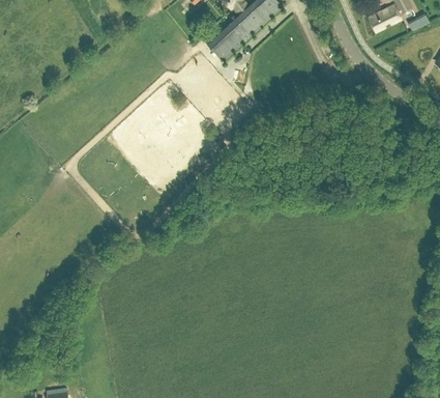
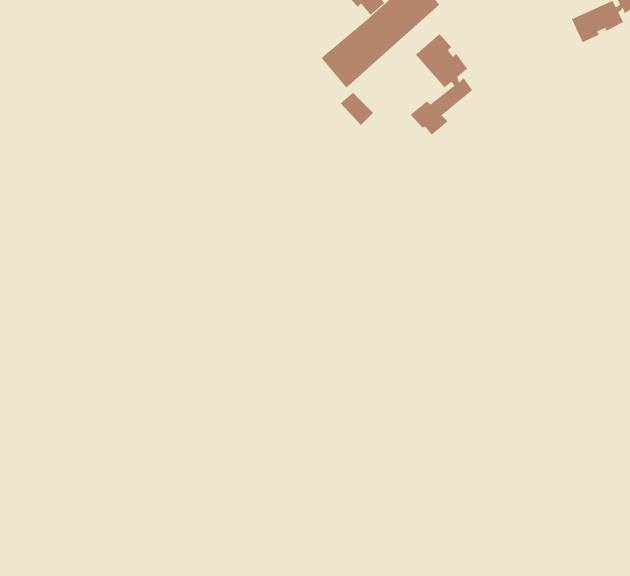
building: none -> [410,33,473,136]

